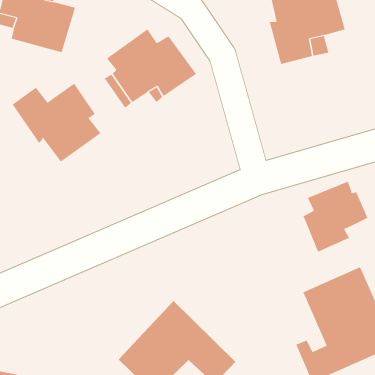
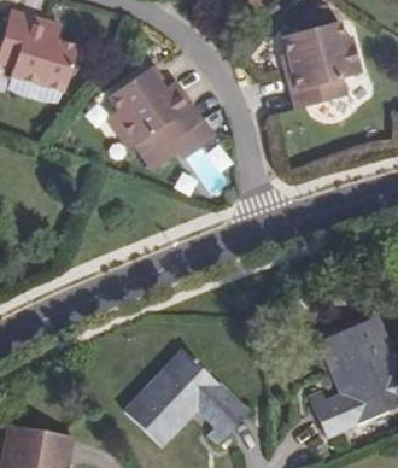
building: [12,83,101,162] -> none
building: [303,181,368,252] -> none

